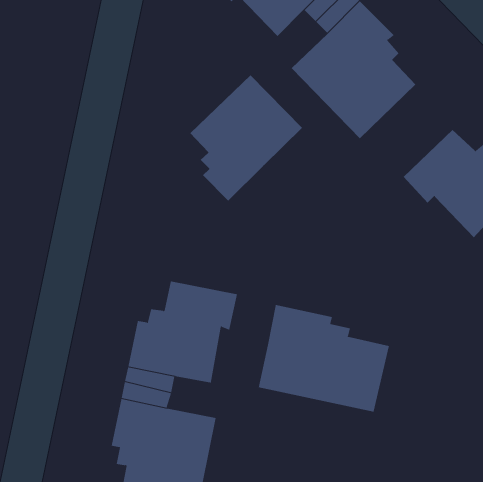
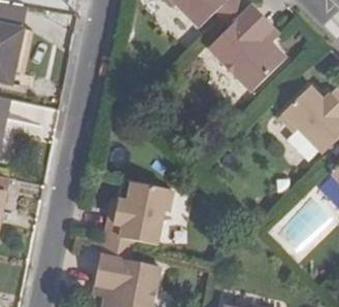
building: [189,74,303,201] -> none
building: [258,304,389,413] -> none

